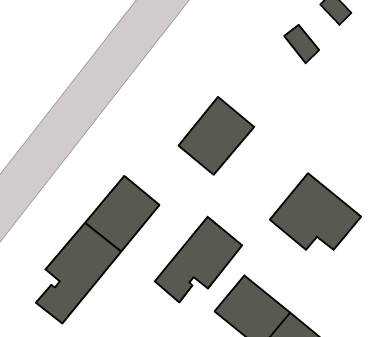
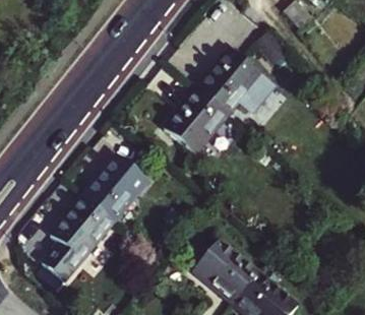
building: [270,173,361,250] -> [196,51,273,116]
building: [155,217,242,302] -> none

